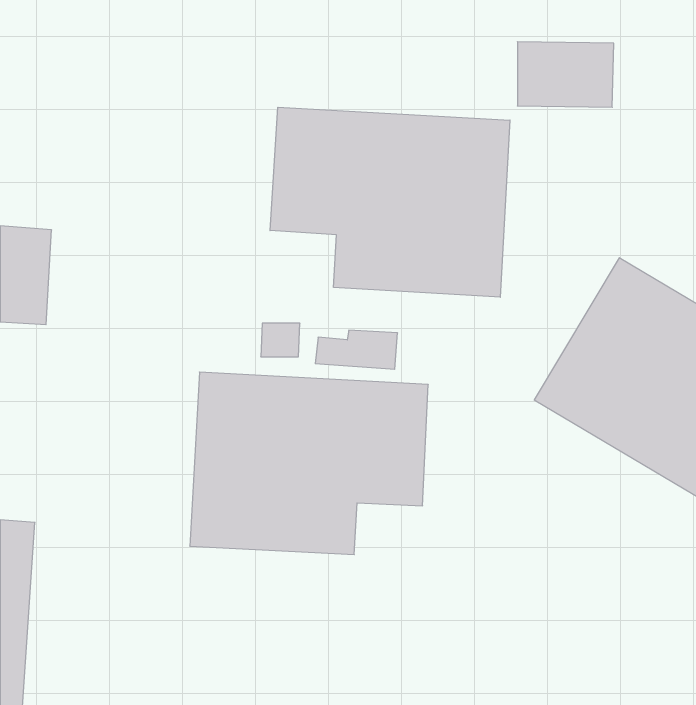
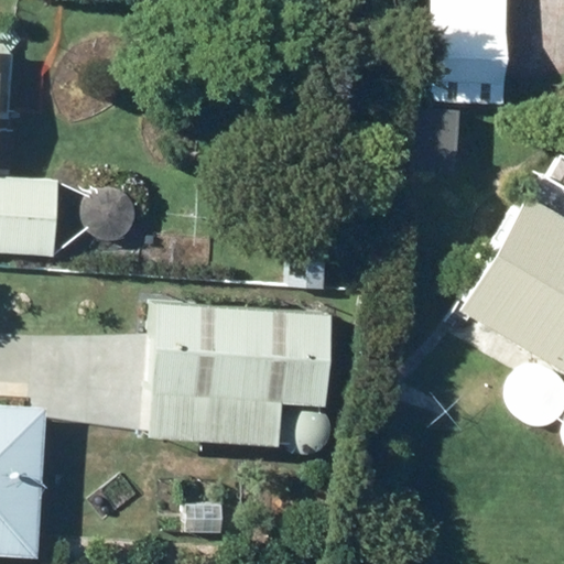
building: [270,107,510,297] -> none

